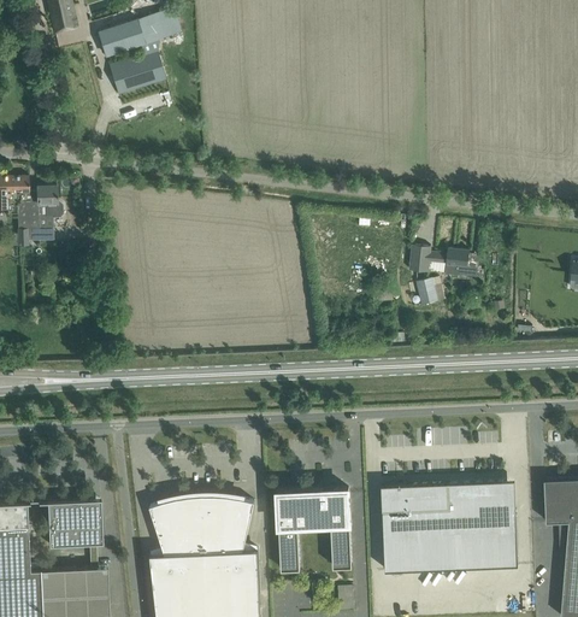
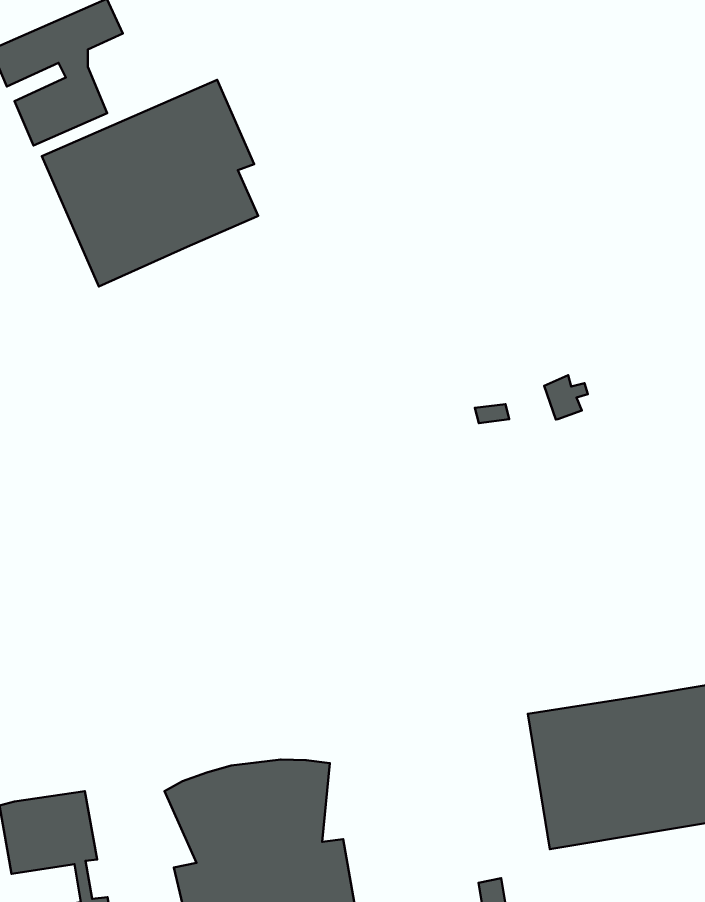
building: none -> [42,80,258,286]
building: [409,245,478,280] -> none
building: [277,488,352,570] -> none

